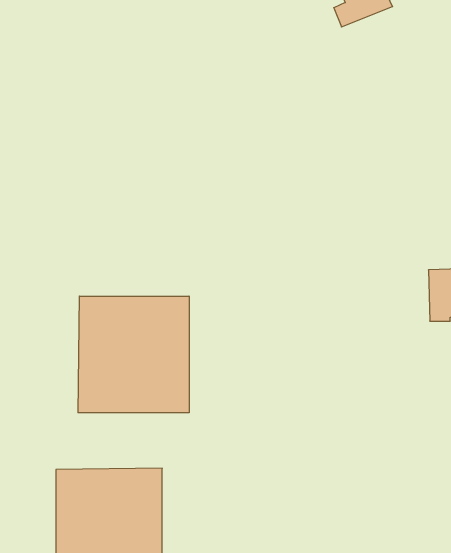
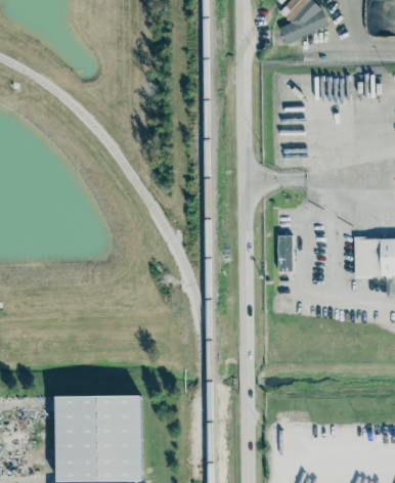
building: none -> [278,235,293,272]
building: [78,296,189,413] -> none

